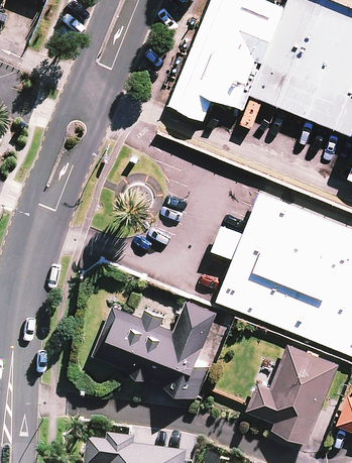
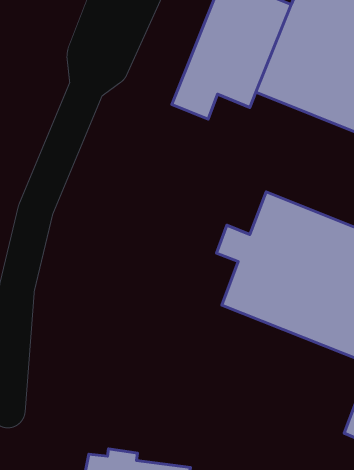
building: [93,300,216,396] -> none
building: [246,343,339,443] -> none

